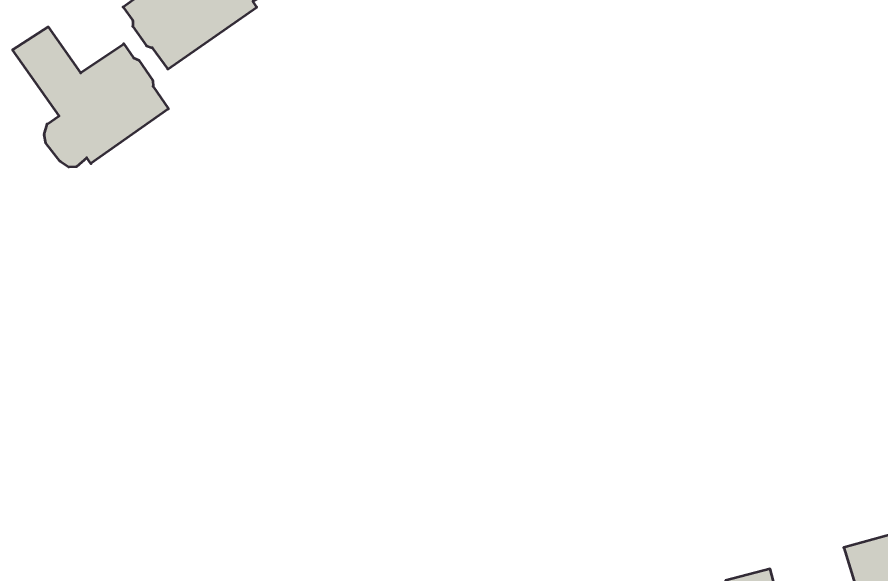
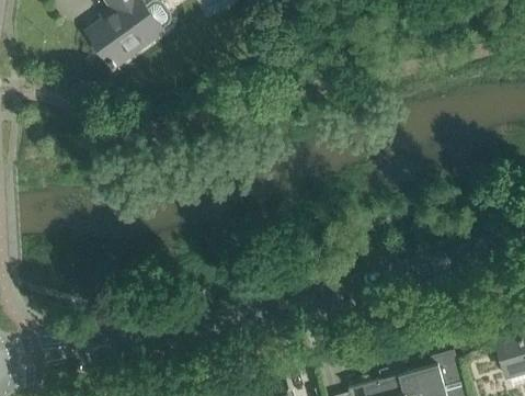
building: [13,27,168,167] -> none

